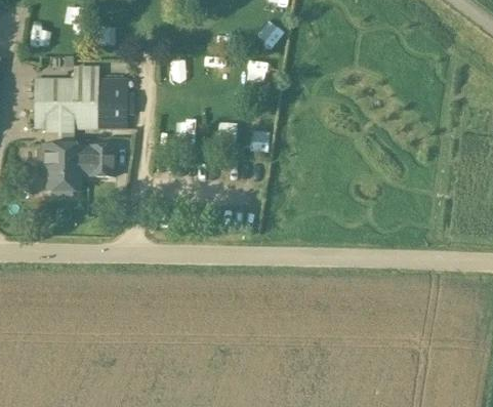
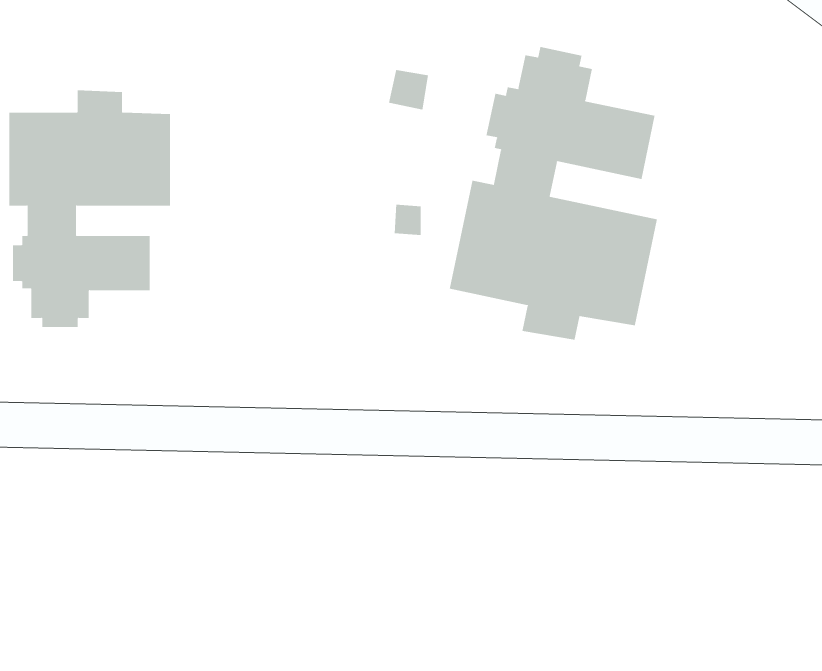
building: none -> [449,46,658,340]

